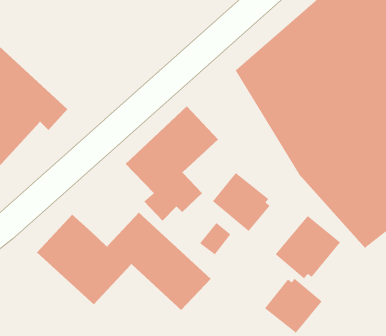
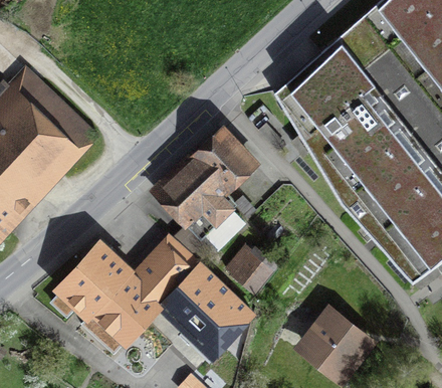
building: [212,172,270,232] -> none
building: [275,215,341,279] -> none

